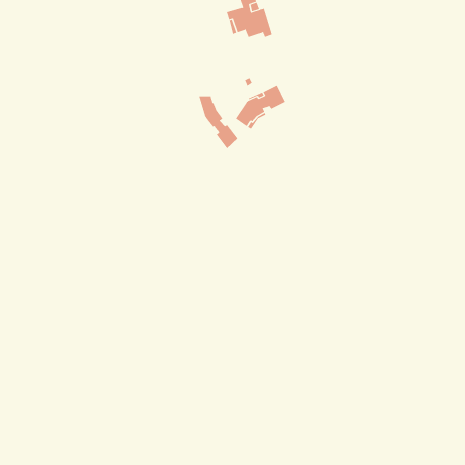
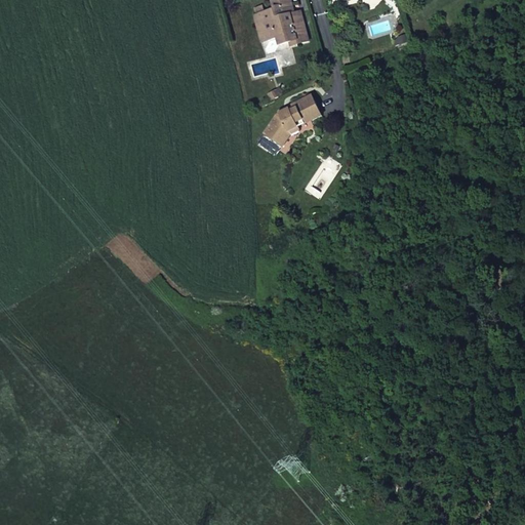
building: [199,96,238,149] -> none

